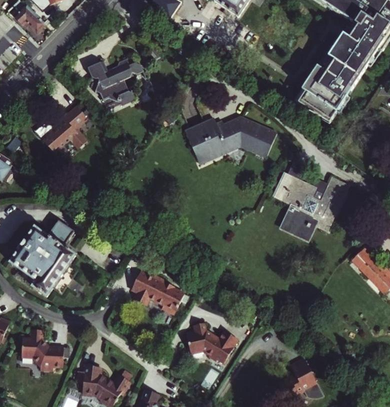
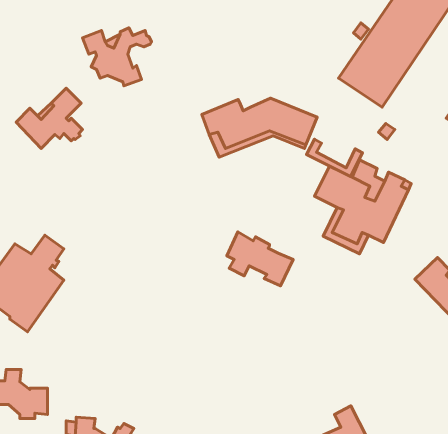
building: none -> [306,139,362,176]
building: [131,273,184,316] -> [227,232,293,286]
building: [191,325,243,365] -> none

